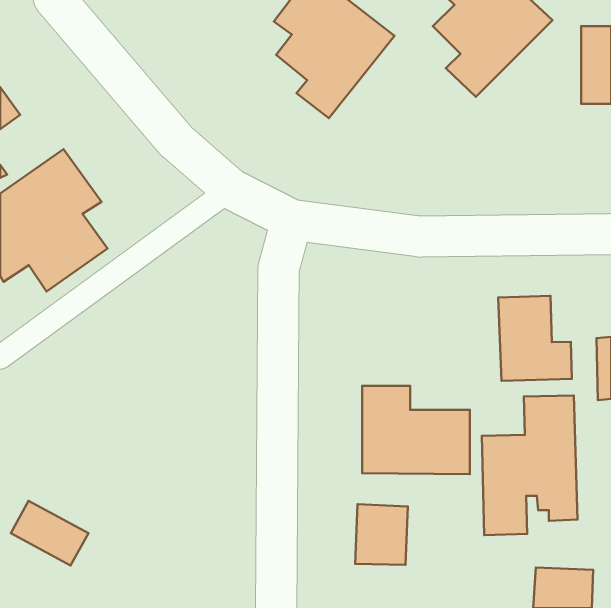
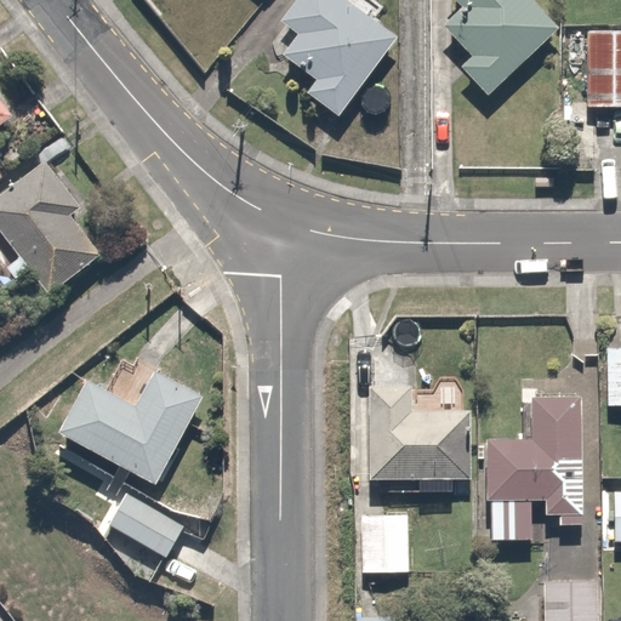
building: [498,296,572,381] -> none
building: none -> [55,358,206,484]
building: [11,501,88,565] -> [104,492,183,558]

